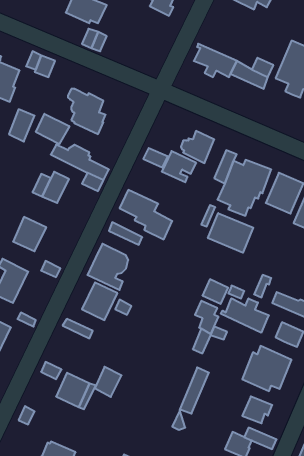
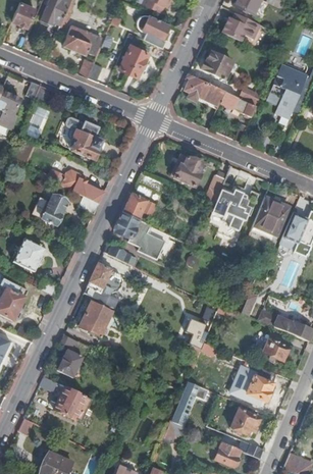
building: none -> [119,44,149,75]
building: none -> [201,50,232,81]
building: [36,114,69,144] -> none
building: [162,151,196,182] -> [122,193,155,222]
building: [208,213,253,253] -> none
building: [221,298,269,333] -> none
building: [95,367,122,397] -> [57,348,83,376]

